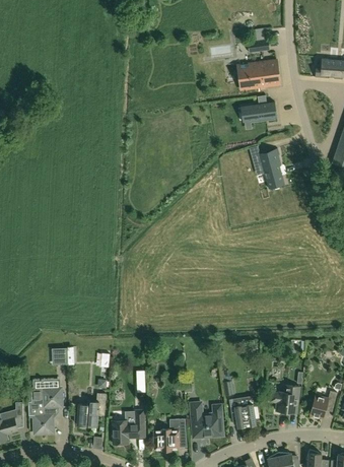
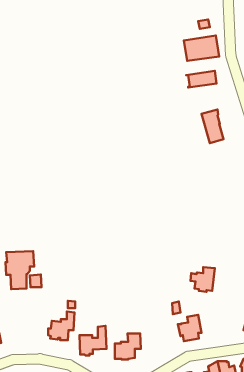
building: [270,386,299,415] -> [190,267,215,292]
building: [27,389,62,435] -> [5,251,34,289]
building: [191,403,223,439] -> none

